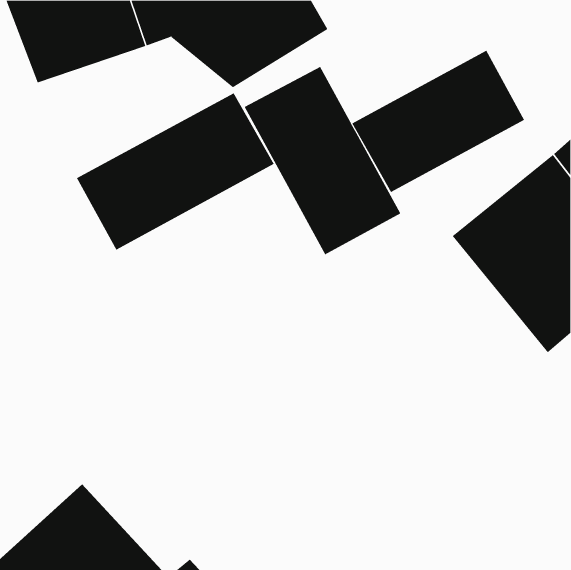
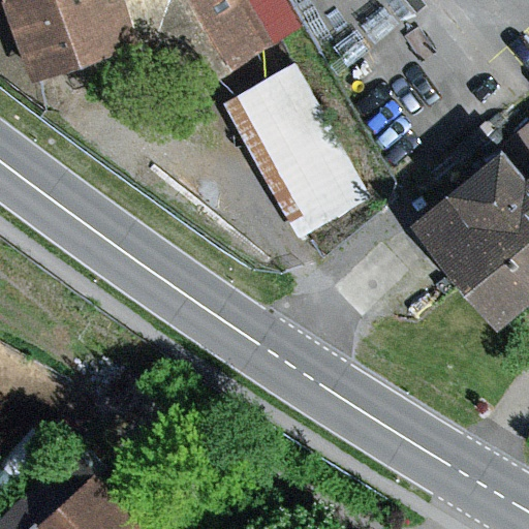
building: [352,50,525,193] -> none
building: [76,92,274,251] -> none

